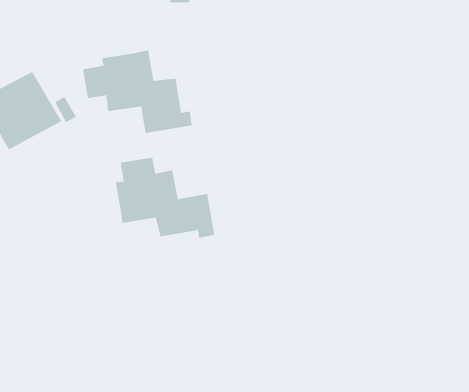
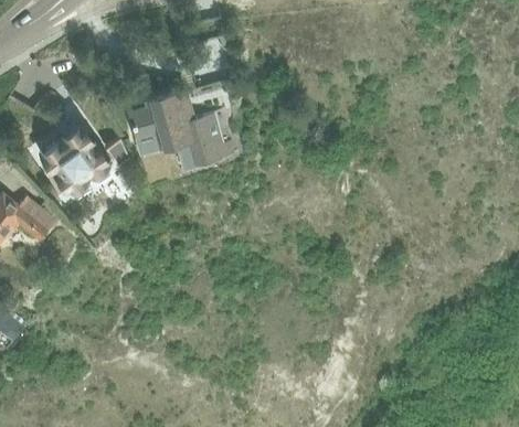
building: [115,157,215,238] -> none

